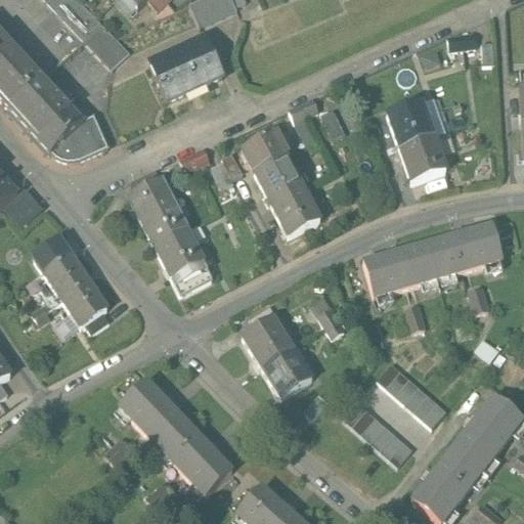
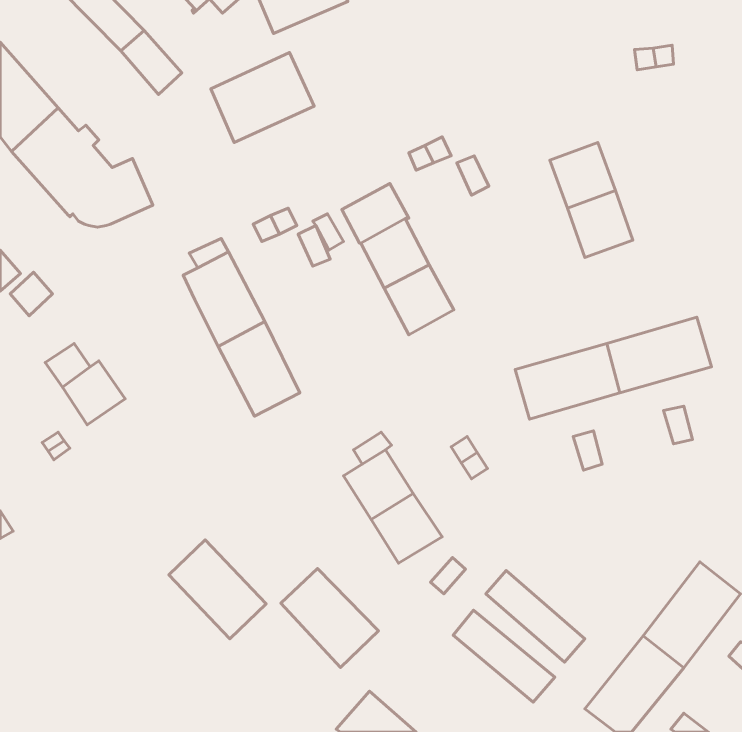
building: [62,280,106,325] -> none
building: [376,363,447,428] -> [453,610,555,702]
building: [163,425,231,494] -> [281,568,378,667]

